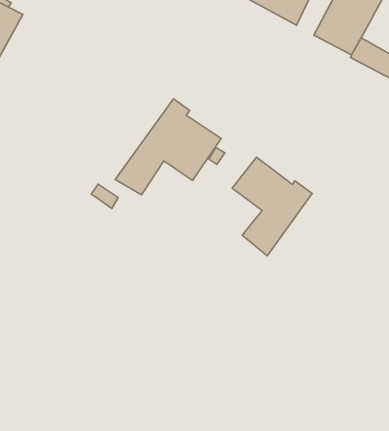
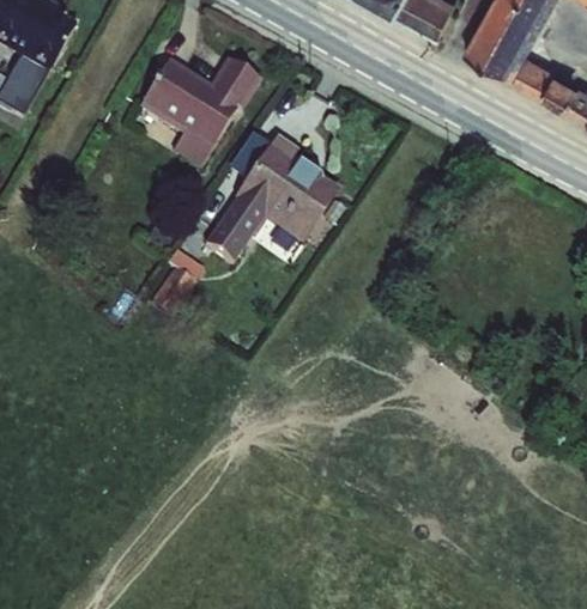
building: none -> [139,55,261,168]
building: [232,157,312,256] -> none
building: none -> [149,264,195,316]

